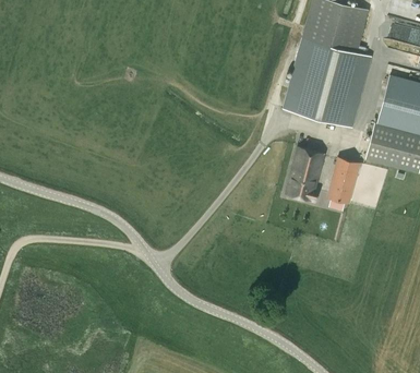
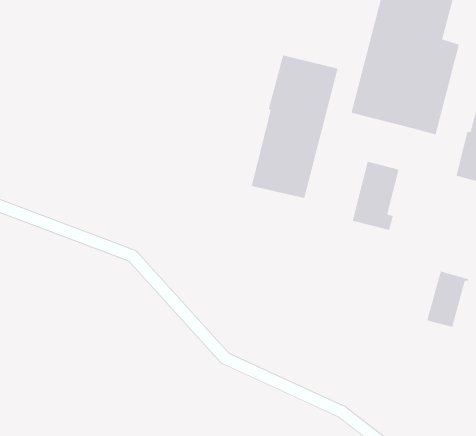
building: none -> [251,54,338,199]
building: [327,157,361,202] -> [426,270,470,328]

